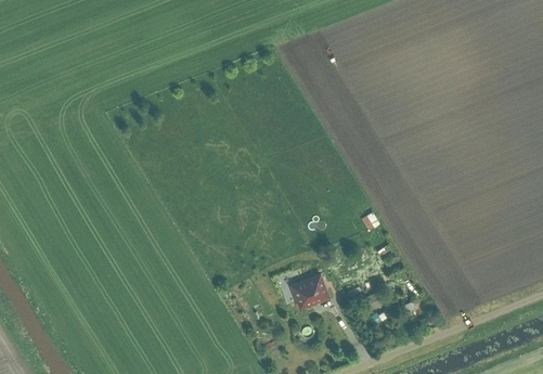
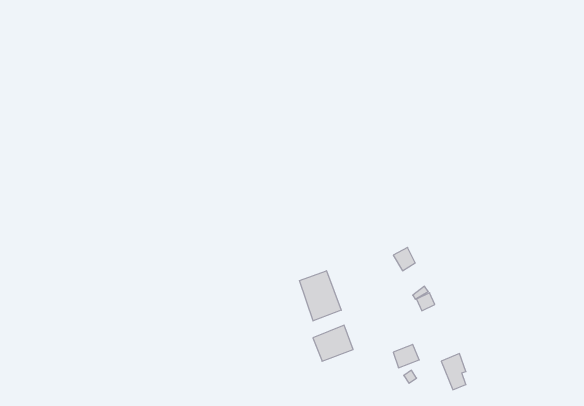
building: none -> [299,271,341,321]

